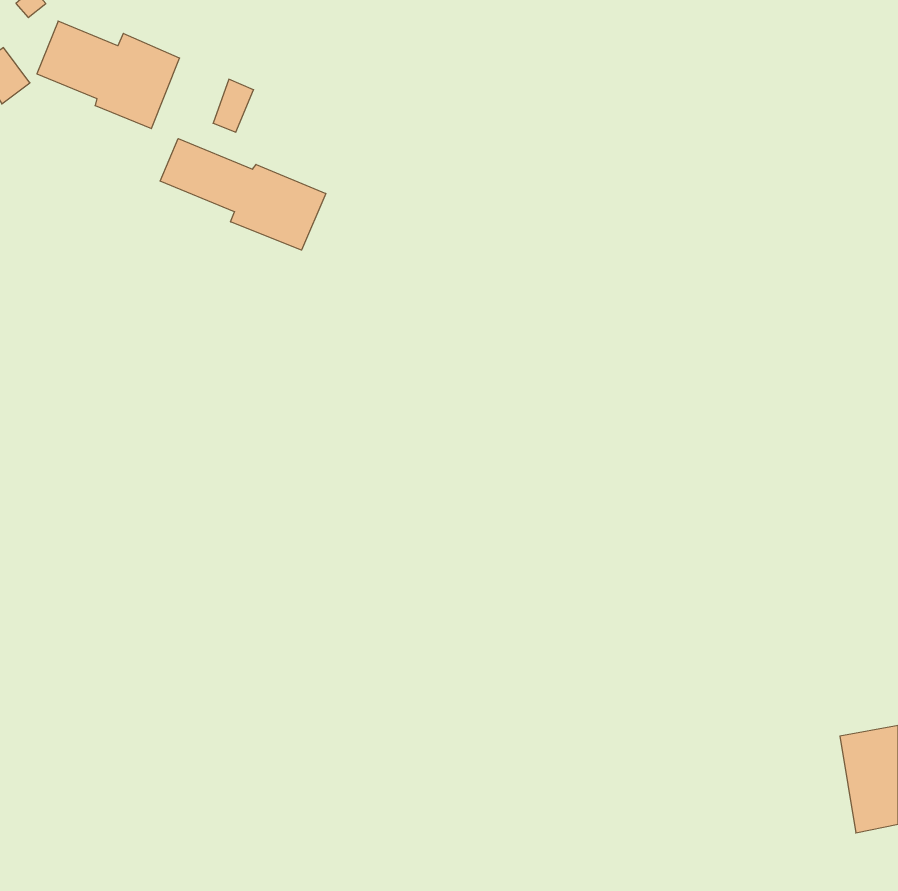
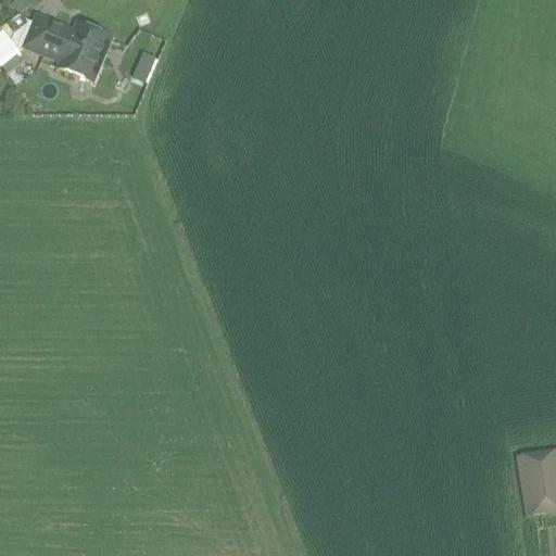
building: [160,139,326,250] -> none

